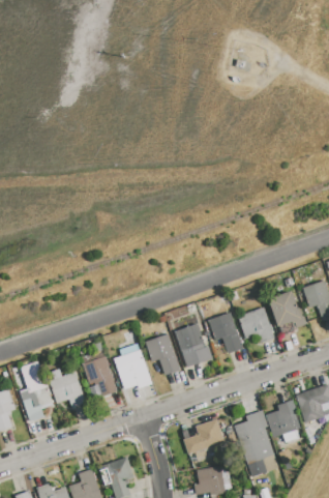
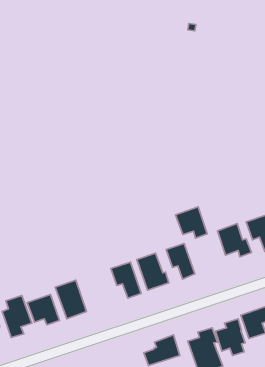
building: [238,306,274,343] -> [176,207,207,238]
building: [114,343,153,389] -> none

